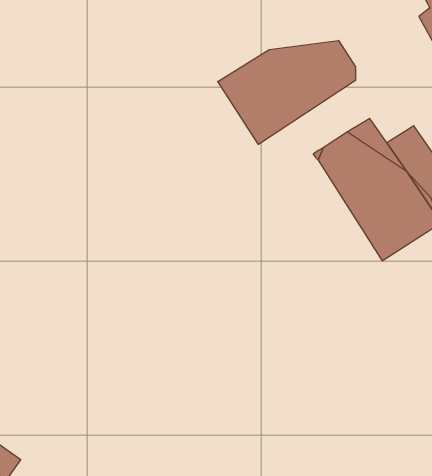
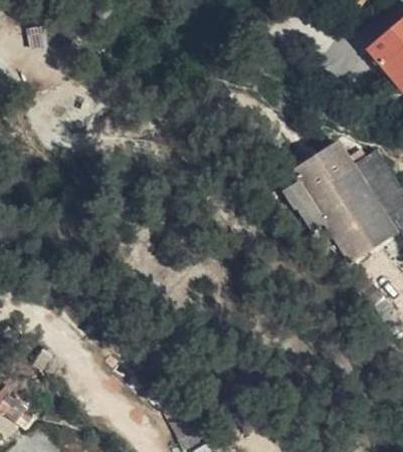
building: [218,40,356,144] -> none

